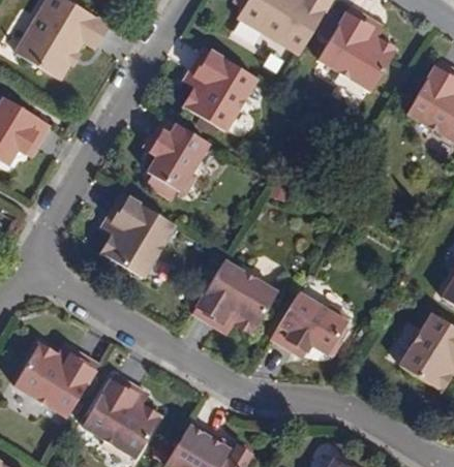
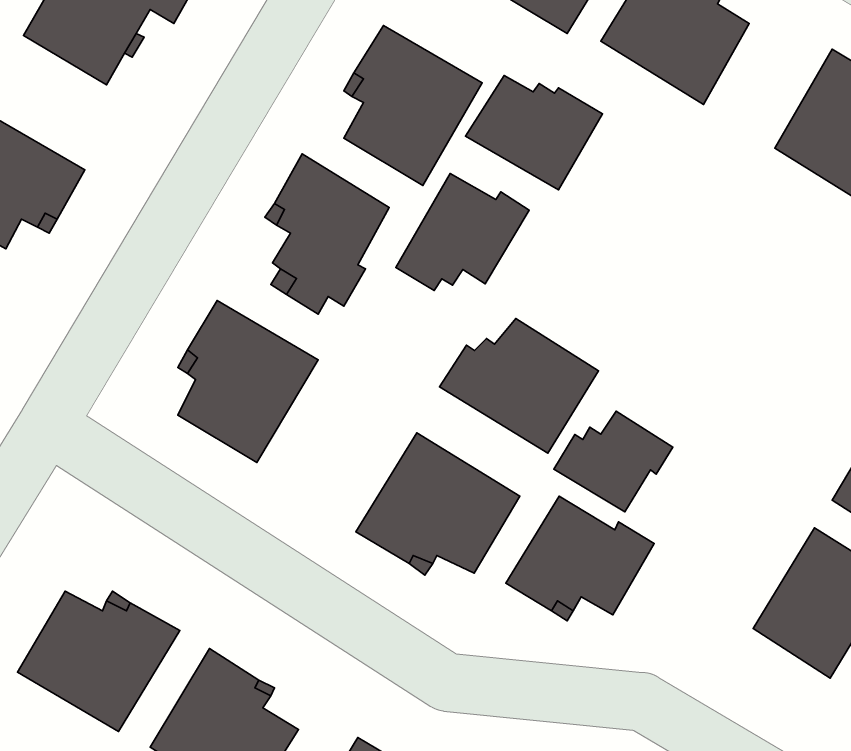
building: none -> [466,76,603,190]
building: none -> [396,174,529,291]
building: none -> [440,318,599,453]
building: none -> [554,411,673,512]

